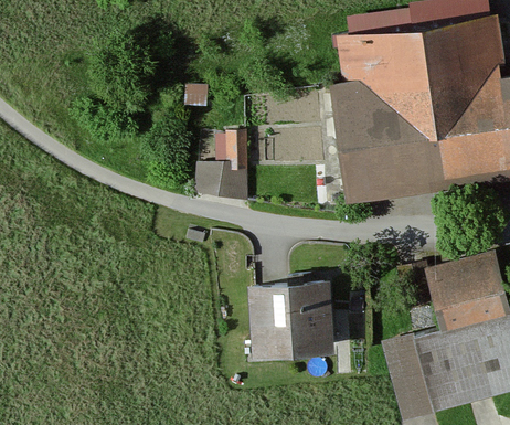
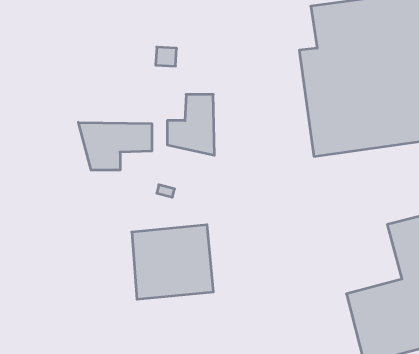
building: none -> [78,122,152,170]
building: [249,280,336,359] -> [132,225,213,299]

